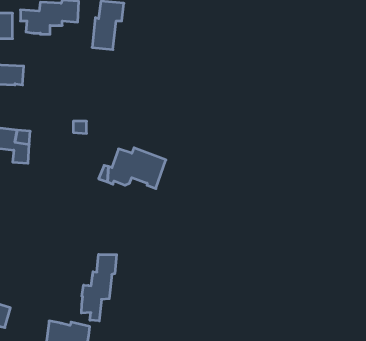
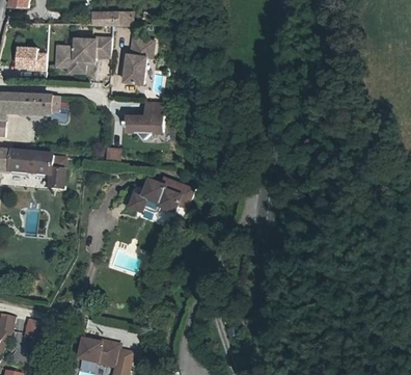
building: none -> [124,98,164,136]
building: [81,254,117,321] -> none

